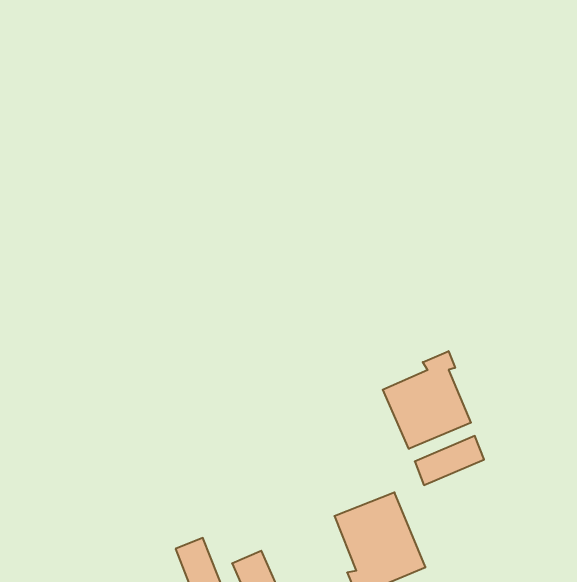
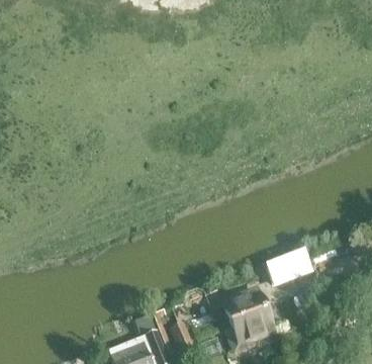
building: [383,351,471,449] -> none

